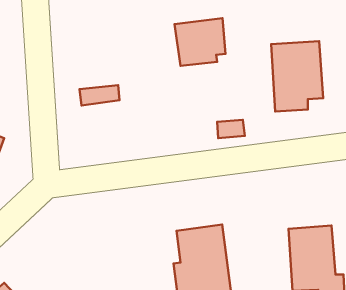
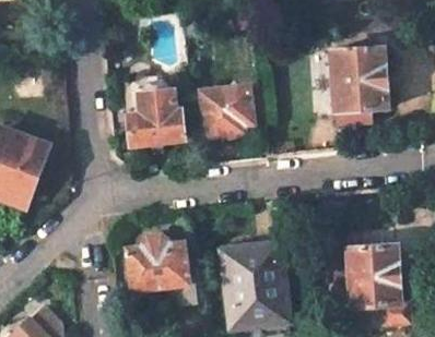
building: [174,18,225,66] -> [198,85,252,136]
building: none -> [128,109,184,145]
building: none -> [127,236,189,290]

